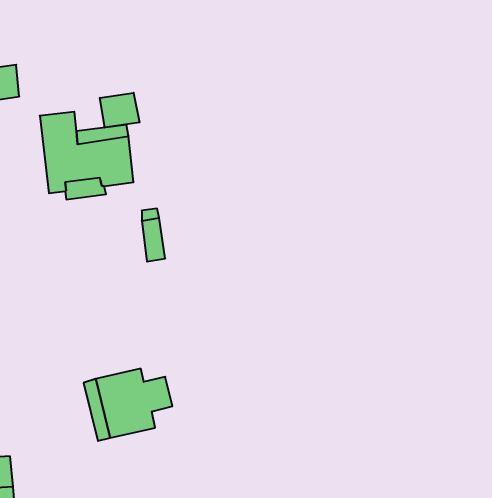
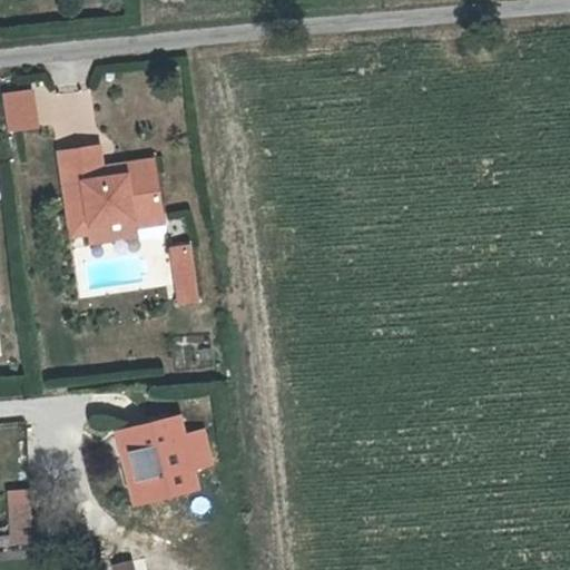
building: [100,93,140,128] -> none

